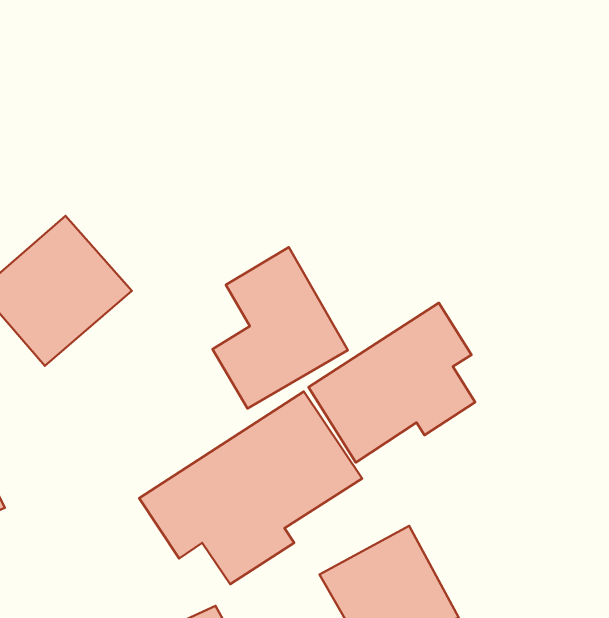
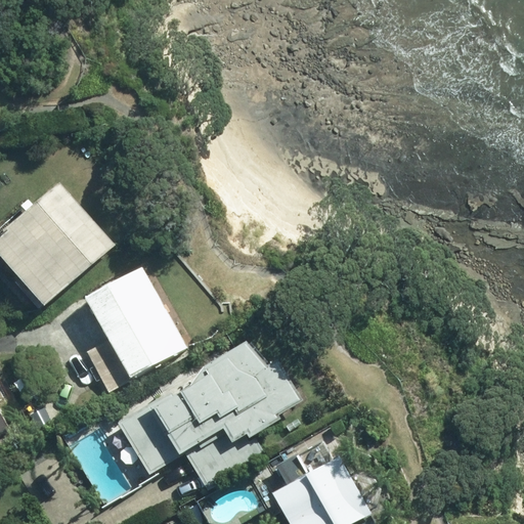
building: [212,247,348,408] -> [74,265,188,401]
building: [308,303,475,462] -> none

